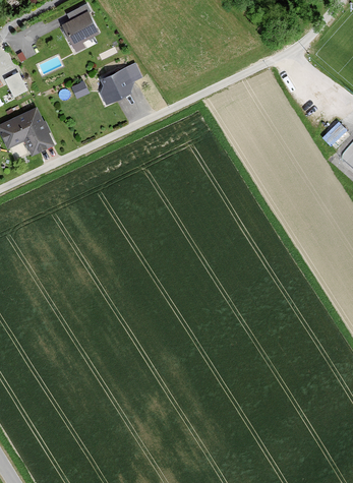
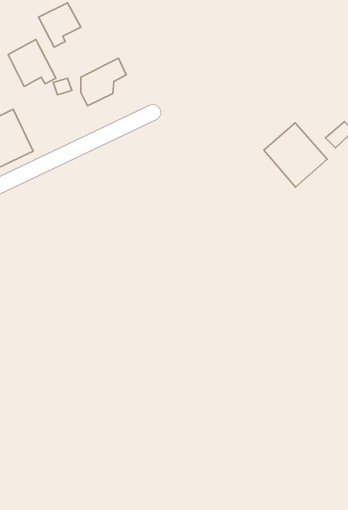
building: none -> [8,39,56,86]
building: none -> [264,123,327,187]

